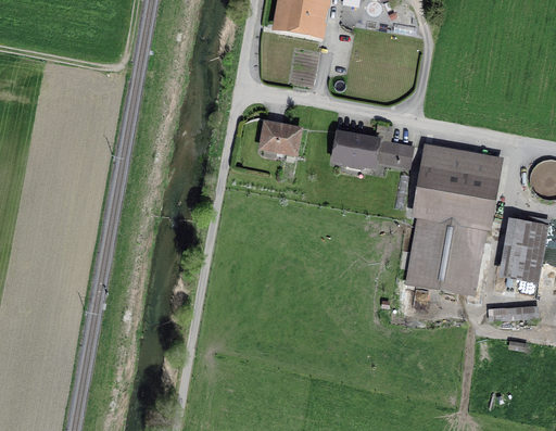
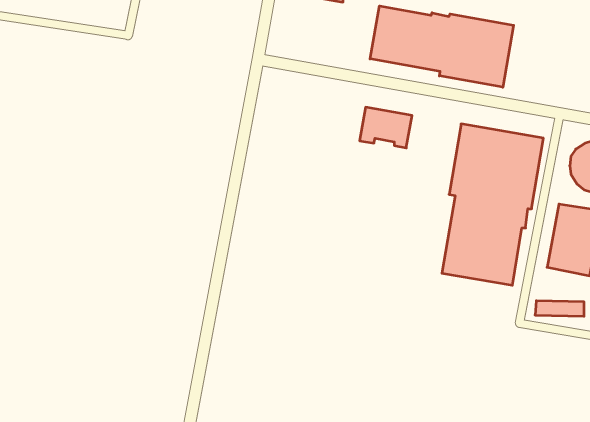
building: none -> [370,6,514,87]
building: [258,119,302,157] -> none
building: [379,142,412,163] -> none

